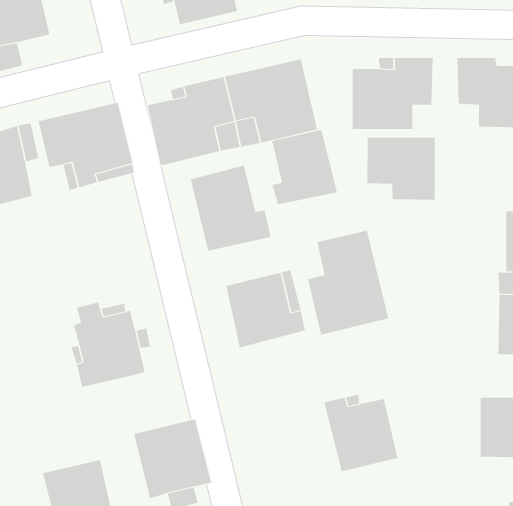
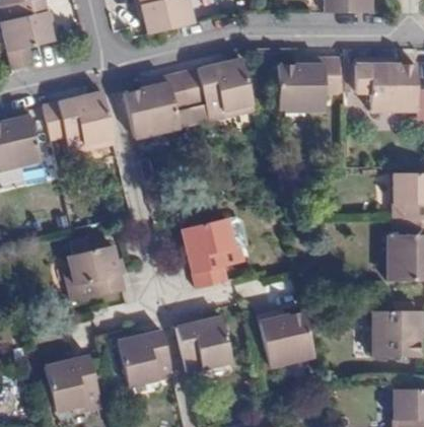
building: [272,129,338,205] -> none
building: [367,137,435,200] -> none
building: [190,165,271,252] -> none
building: [308,230,389,335] -> none
building: none -> [178,316,232,372]

